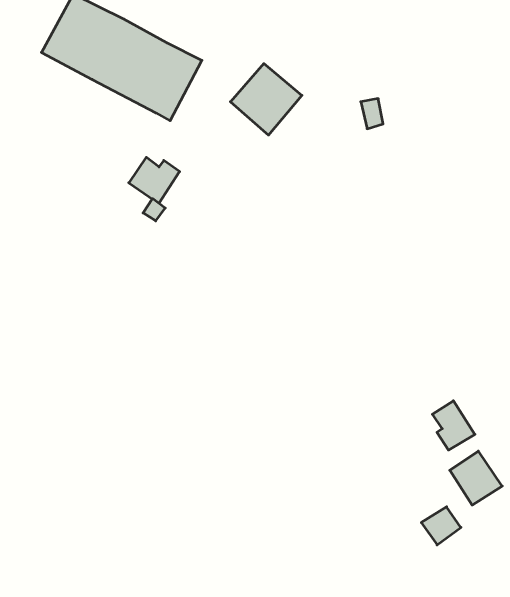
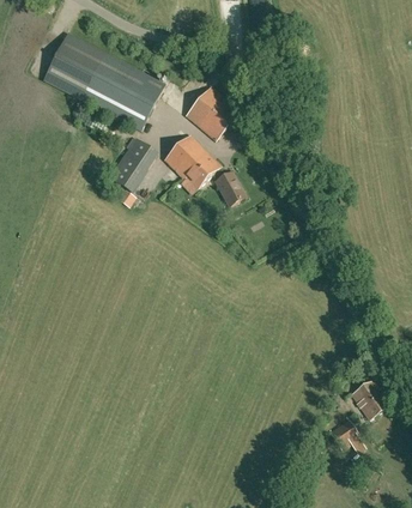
building: none -> [164,133,246,205]
building: none -> [122,137,158,167]
building: [432,401,475,450] -> none

